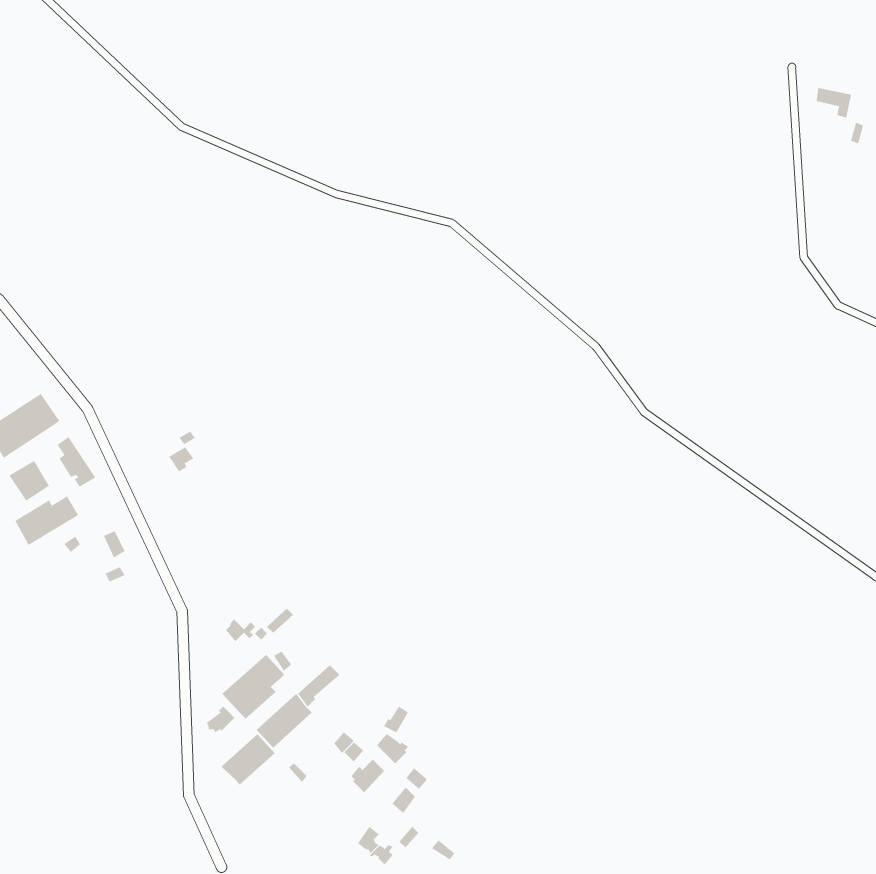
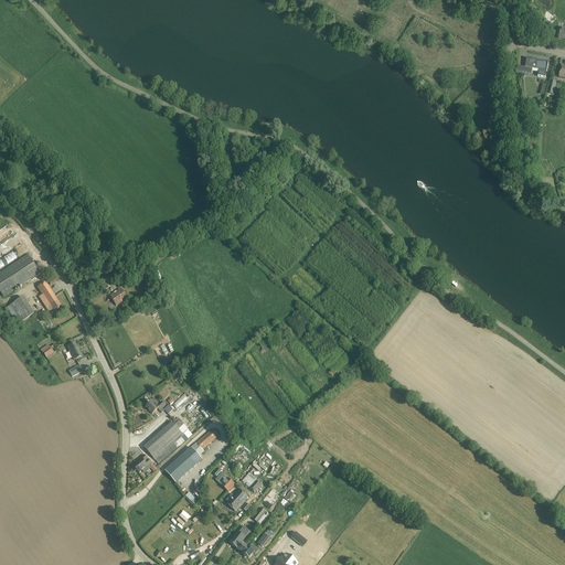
building: [14,496,79,546] -> none
building: [222,733,275,786] -> none

